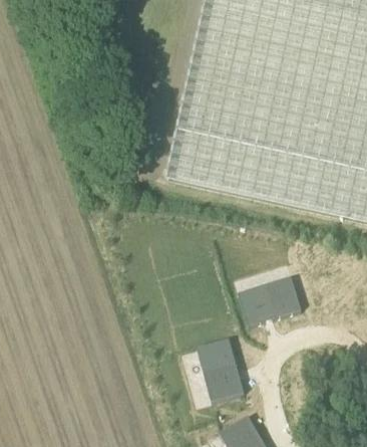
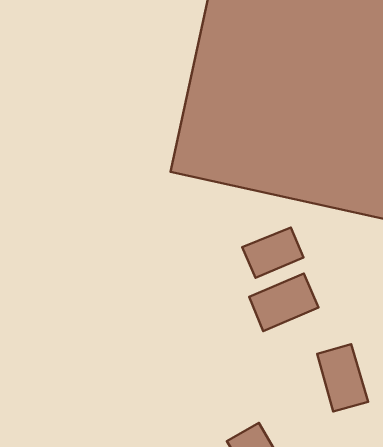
building: none -> [242,228,303,278]
building: [196,337,244,400] -> [317,344,368,411]

